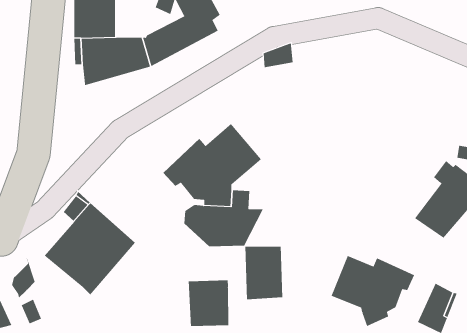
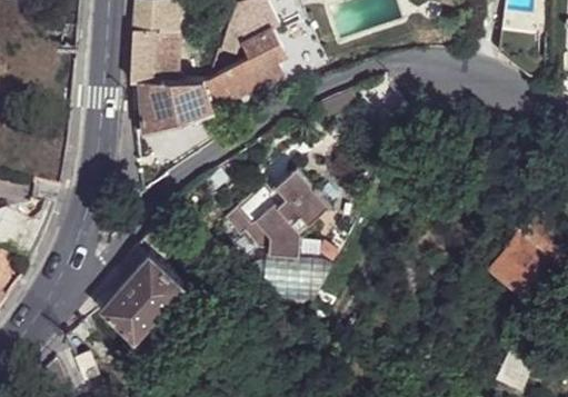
building: [245,246,283,300] -> none
building: [331,255,415,327] -> none
building: [188,280,229,327] -> none

